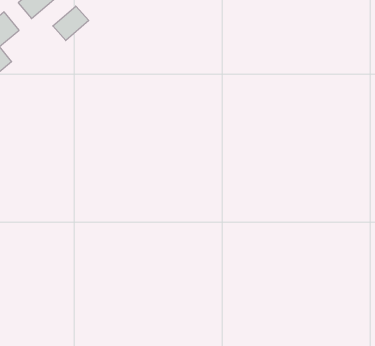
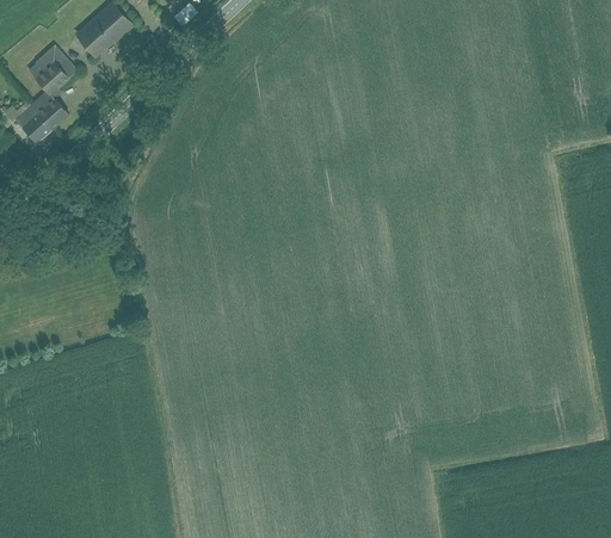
building: [53,6,89,41] -> none

